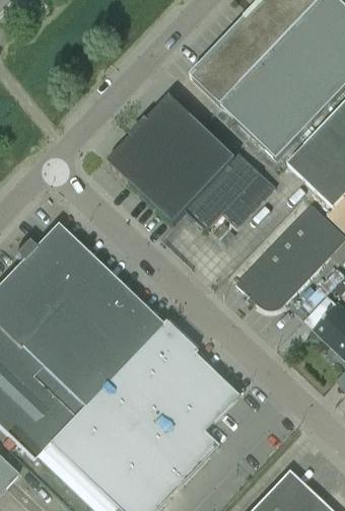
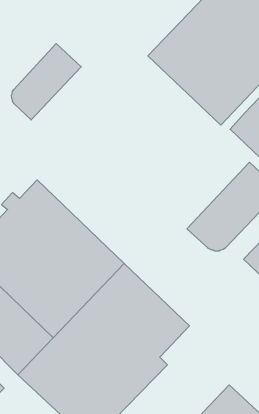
building: none -> [12,44,81,120]
building: [107,93,276,229] -> none

